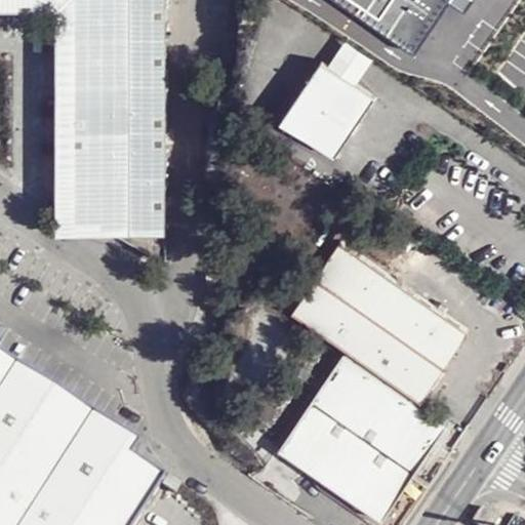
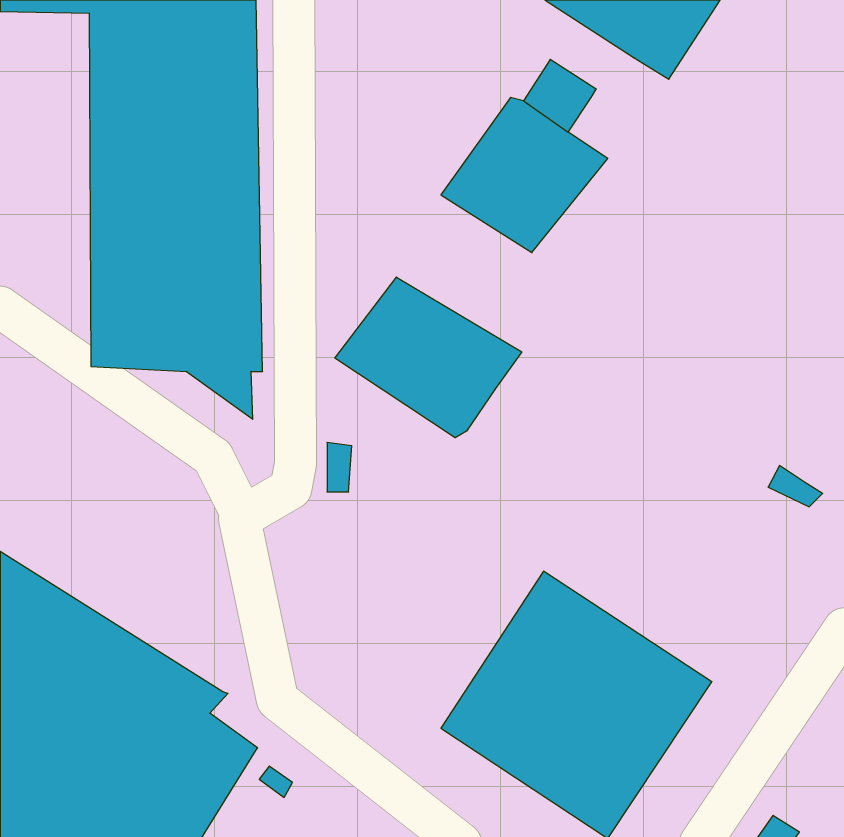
building: none -> [335,277,522,438]
building: [287,247,463,405] -> none

